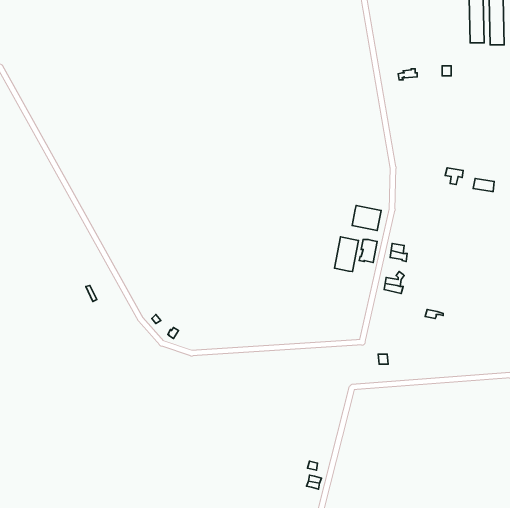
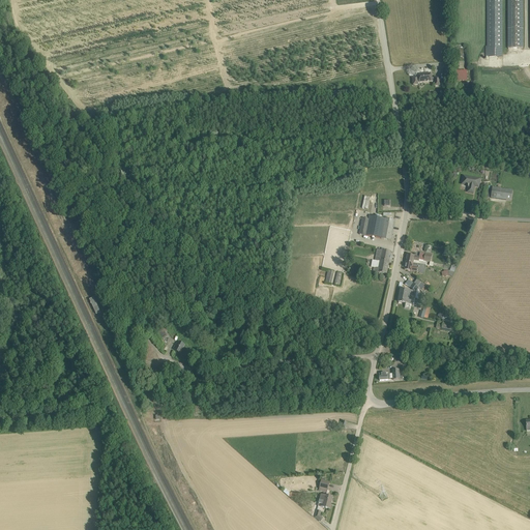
building: [335,237,359,272] -> none

